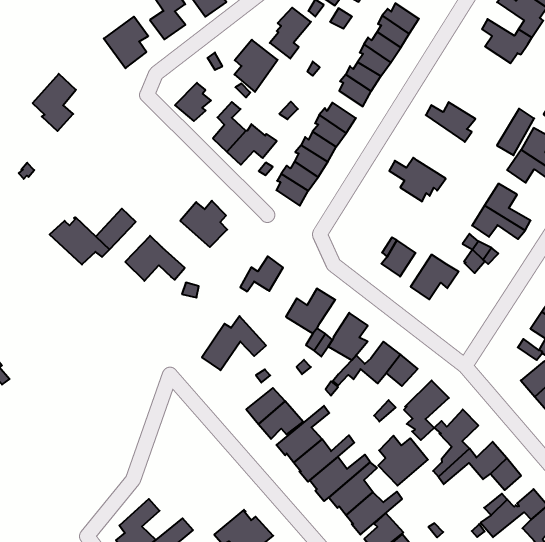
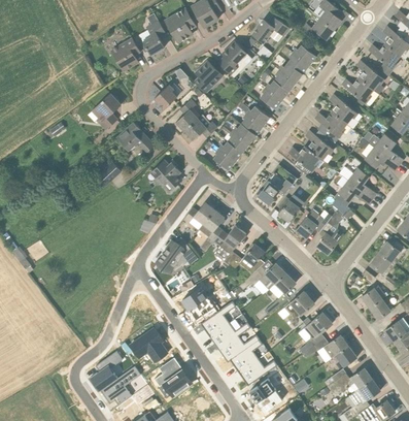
building: none -> [341,77,379,106]
building: [33,74,76,131] -> [92,93,121,130]
building: none -> [330,94,359,124]
building: none -> [305,130,335,161]
building: none -> [259,165,297,204]
building: [50,217,110,265] -> none
building: [125,236,185,281] -> [116,122,155,152]
building: none -> [199,209,225,244]
building: none -> [316,222,343,254]
building: [378,436,428,486] -> none
building: none -> [134,329,169,362]

